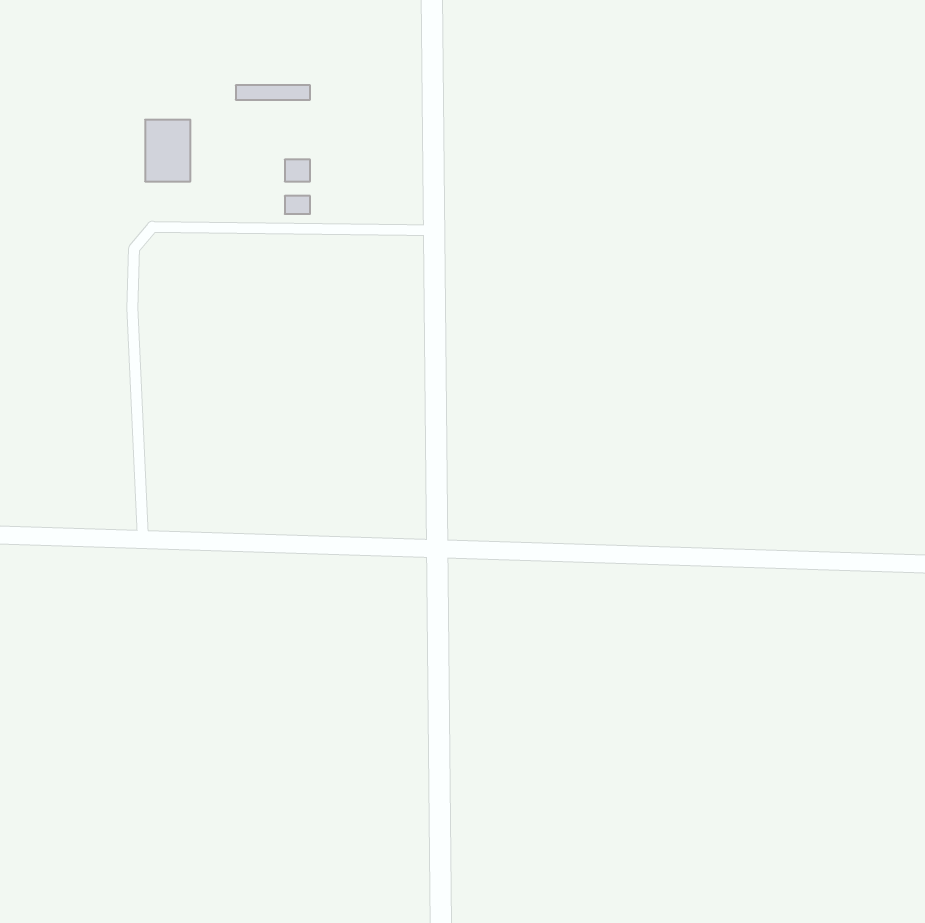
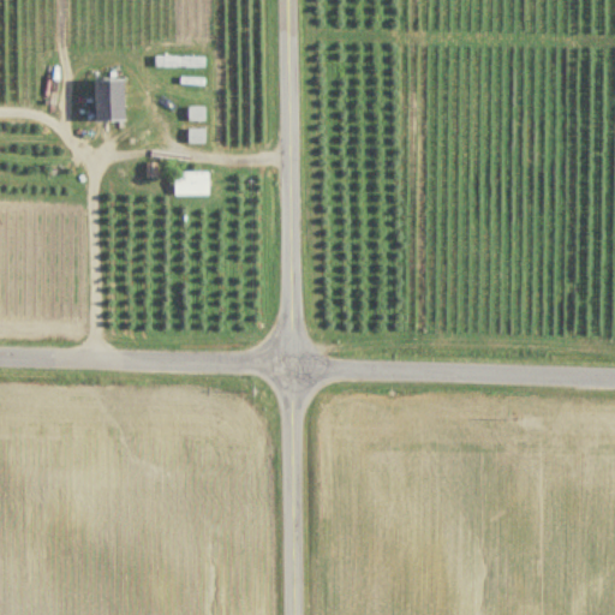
building: none -> [175,172,209,193]

